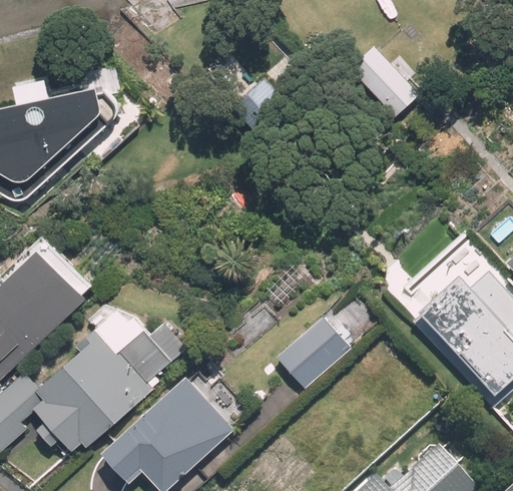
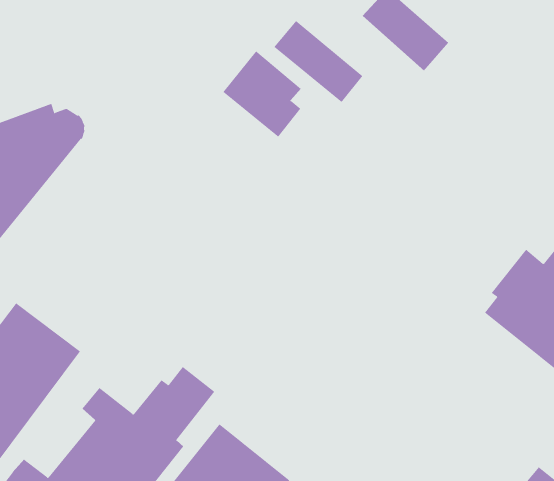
building: none -> [273,20,363,103]
building: [274,318,349,391] -> none

